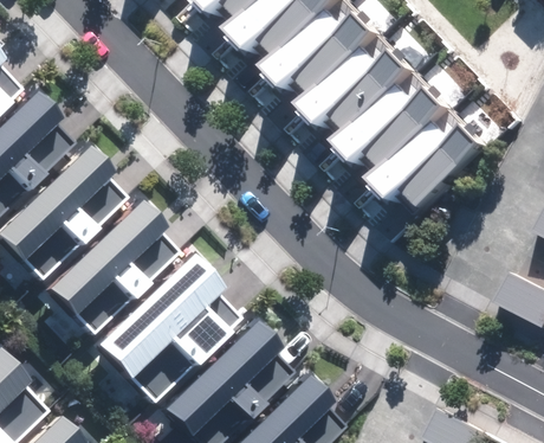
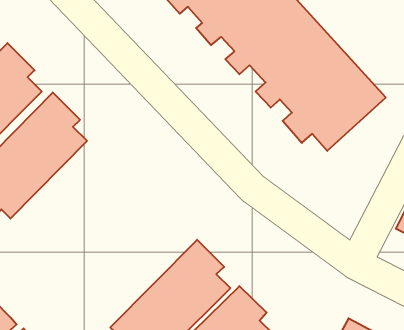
building: [37,195,177,345] -> none
building: [99,255,241,404] -> none

